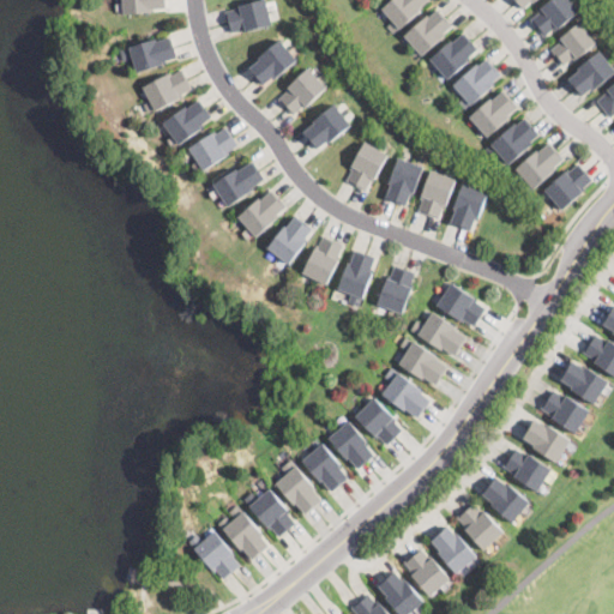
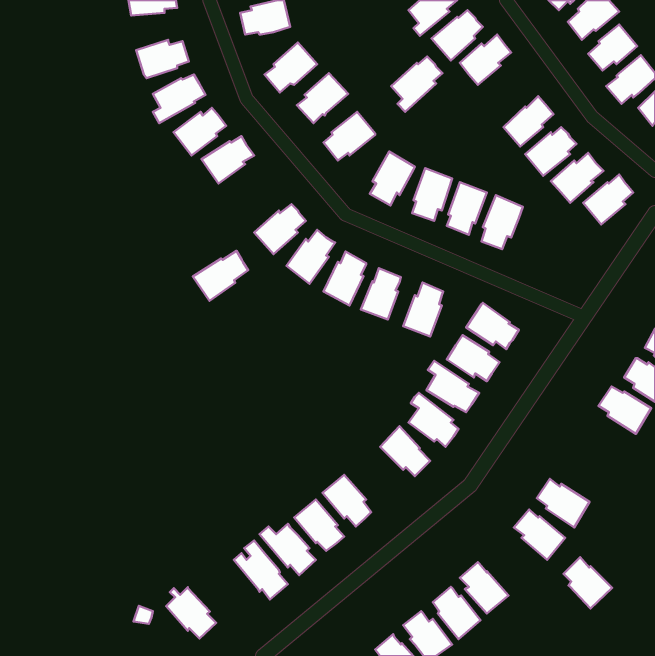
building: [452,59,500,110] -> [391,56,442,112]
building: [212,161,264,207] -> [193,251,248,301]
building: [540,390,589,433] -> none
building: [522,419,570,463] -> none
building: [327,421,373,468] -> none
building: [457,502,502,550] -> [563,557,612,608]
building: [193,531,240,579] -> [166,587,216,638]

